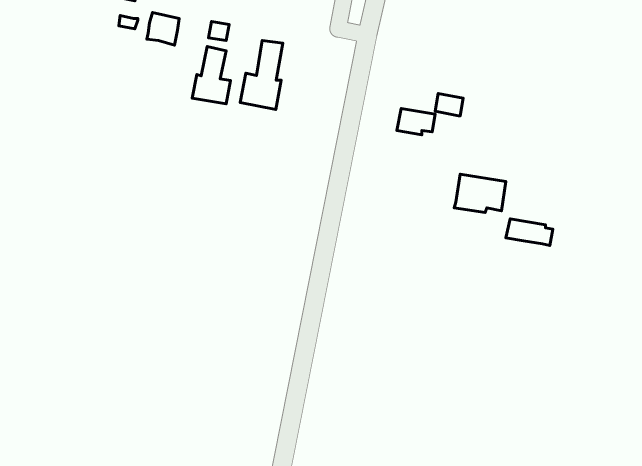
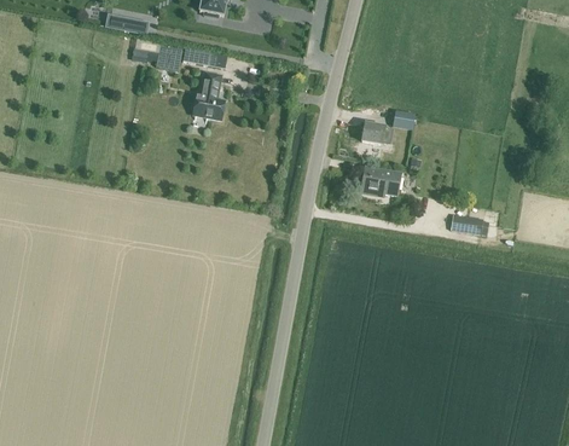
building: [240,40,283,110] -> none
building: [454,174,506,212] -> [359,166,401,197]

